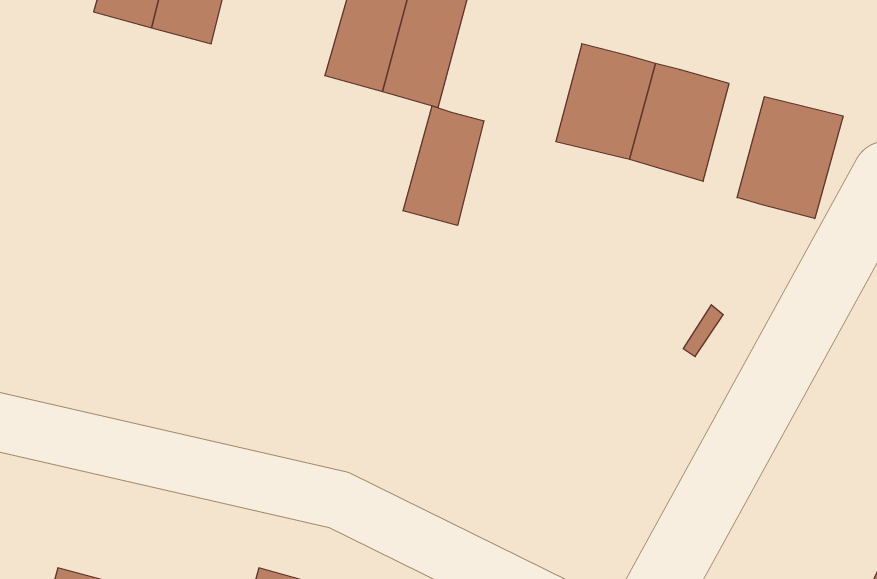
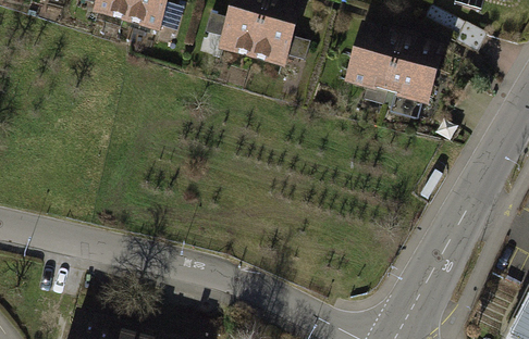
building: [737,97,843,219] -> none
building: [403,106,484,225] -> none

